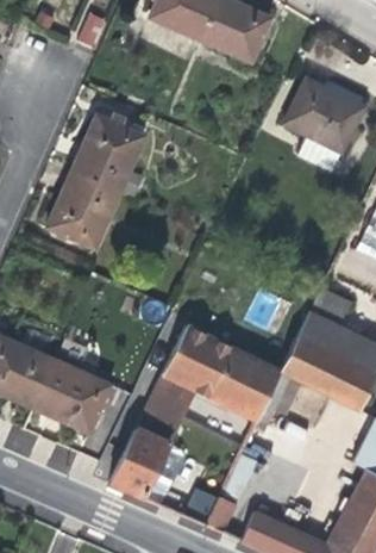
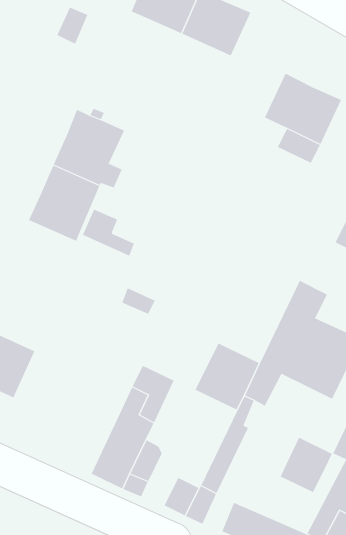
building: none -> [82,209,135,256]
building: [162,325,238,398] -> none
building: [32,359,109,431] -> none
building: none -> [280,437,332,493]

